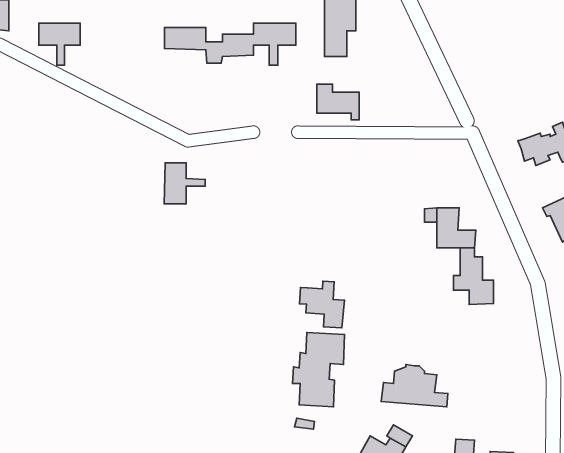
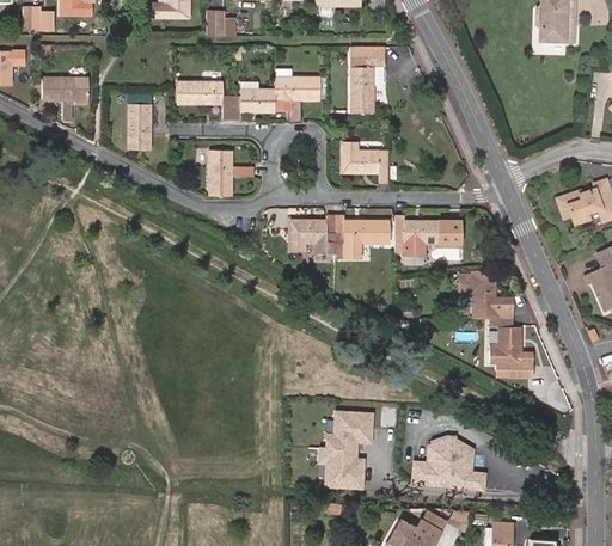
building: none -> [128,96,151,149]
building: none -> [288,215,387,259]
building: none -> [394,216,459,264]
building: [164,163,205,204] -> [208,151,252,195]
building: [300,281,344,328] -> none

